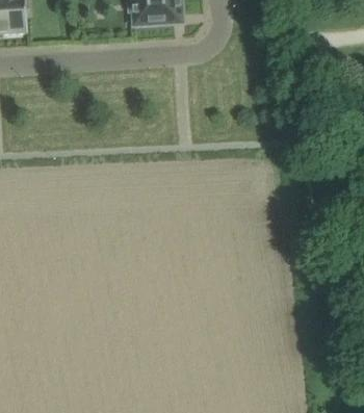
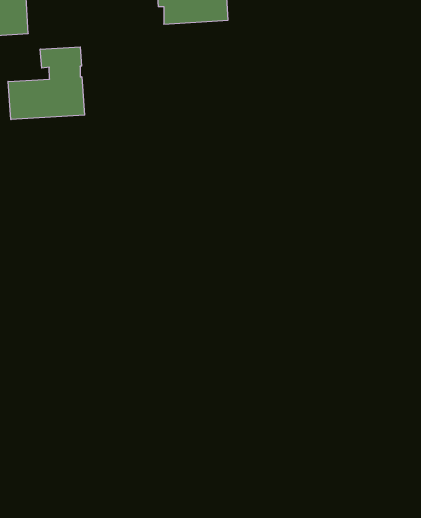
building: none -> [8,47,85,120]

